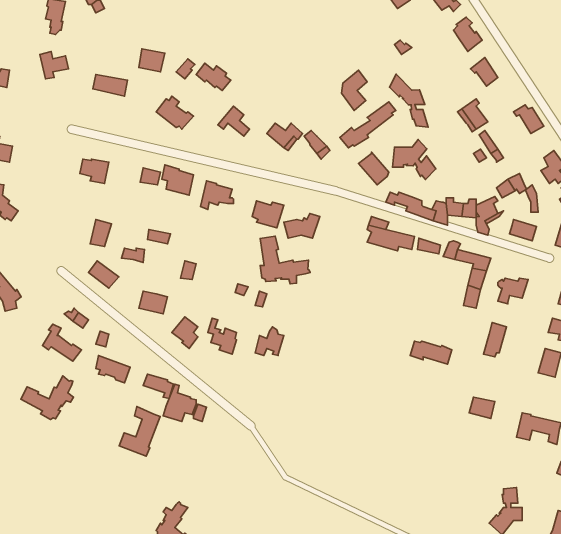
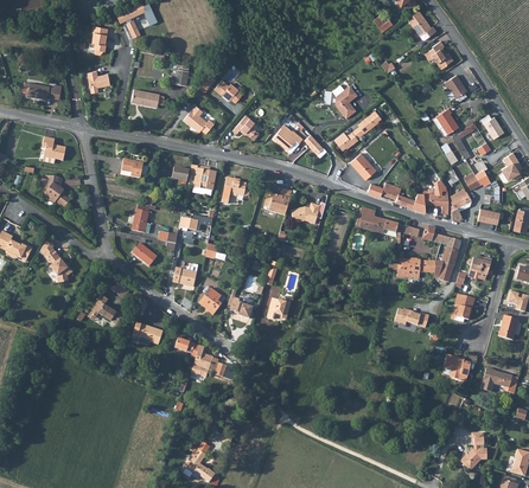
building: [390,74,428,127] -> none
building: [393,139,436,179] -> none
building: [260,236,310,284] -> none
building: none -> [396,252,434,276]
building: [21,376,73,419] -> none
building: [119,407,160,456] -> none

